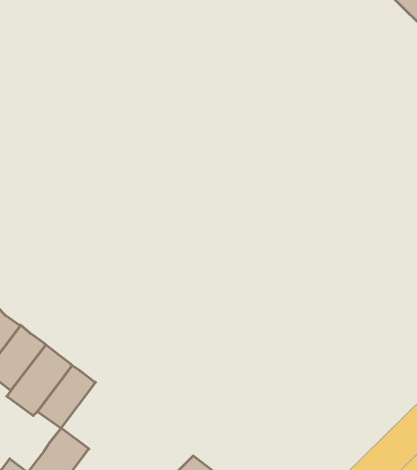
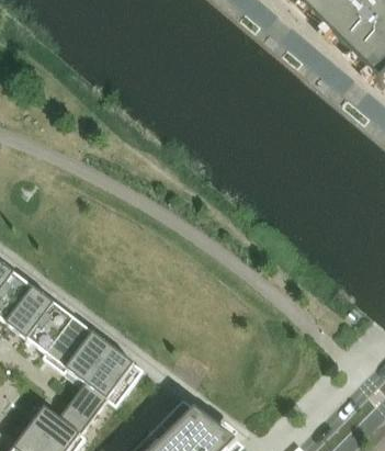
building: none -> [86,343,139,403]

